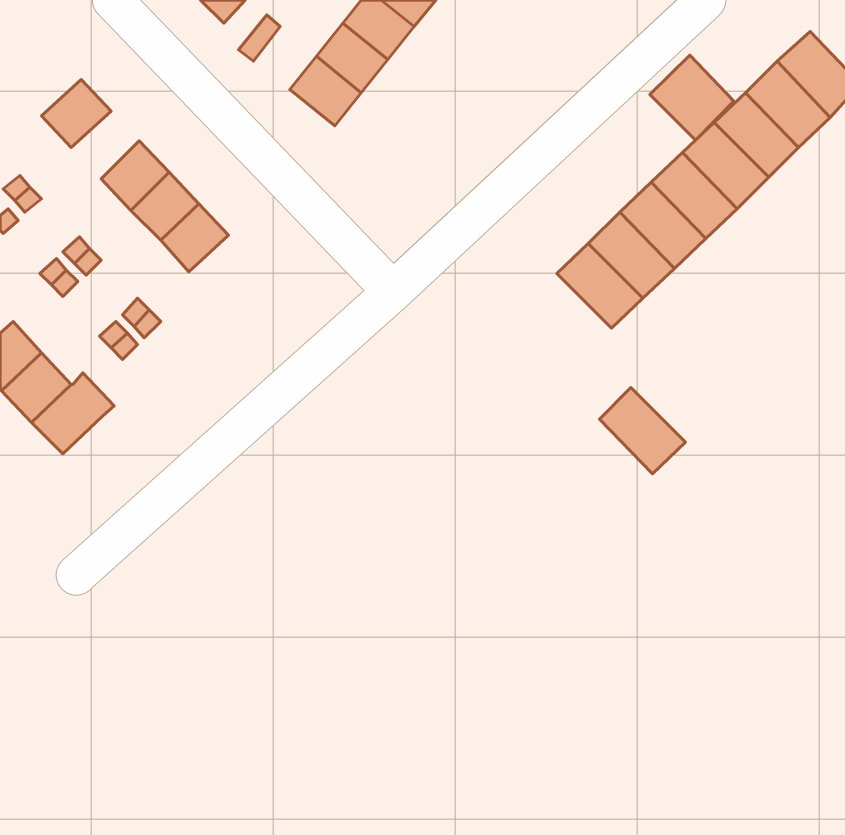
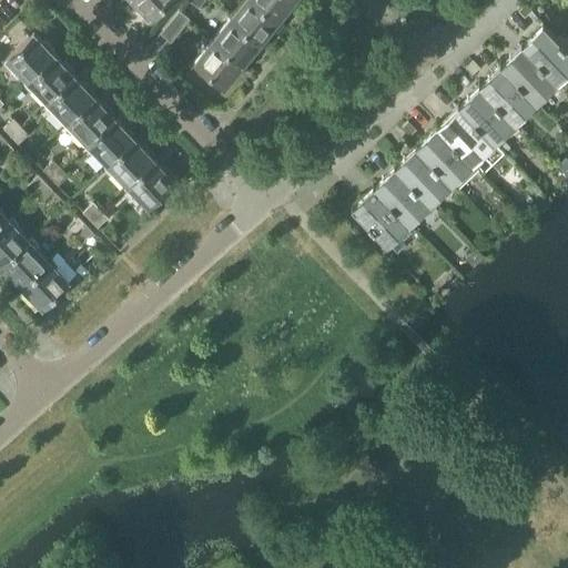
building: none -> [8,40,55,85]
building: [650,55,734,140] -> none
building: none -> [49,82,94,128]
building: none -> [128,165,175,212]
building: [599,388,686,474] -> [353,191,410,248]

